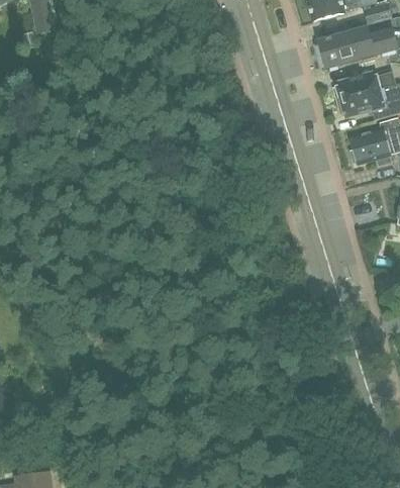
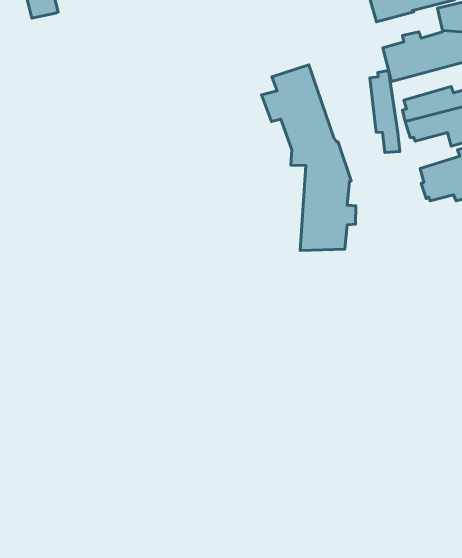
building: none -> [261,65,356,250]
building: none -> [370,70,400,153]

